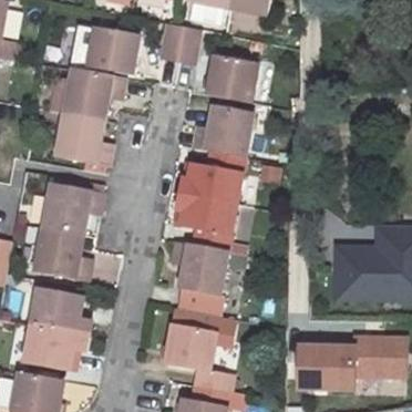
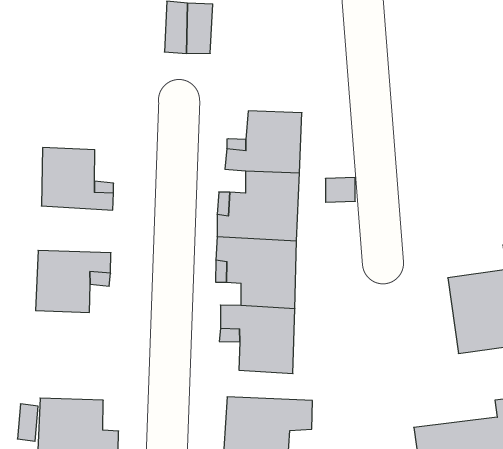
building: [90,28,138,73] -> none
building: [207,56,257,102] -> none
building: [65,69,125,120] -> none
building: [38,227,92,279] -> none

